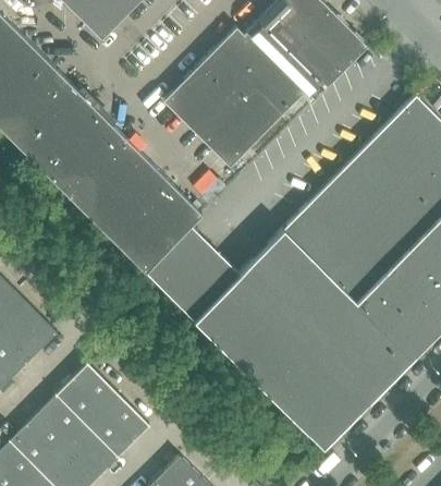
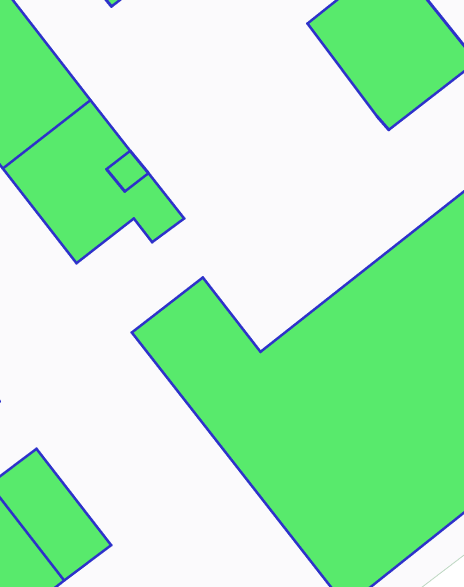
building: [162,28,301,169] -> none
building: [99,186,201,272] -> none

